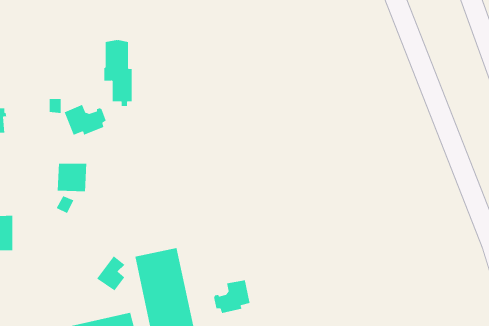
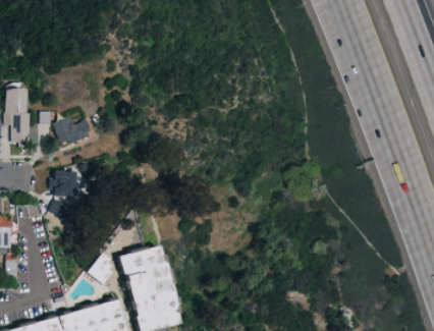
building: [104,40,132,107] -> [9,90,35,149]
building: [214,279,250,314] -> none

